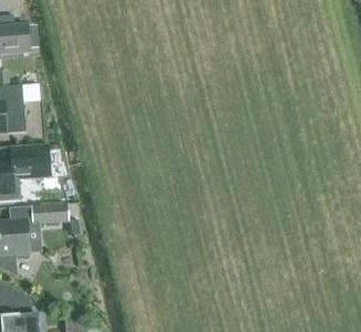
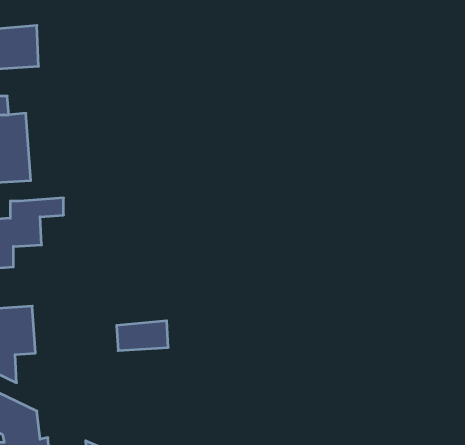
building: [32,203,68,224] -> [117,321,168,351]

